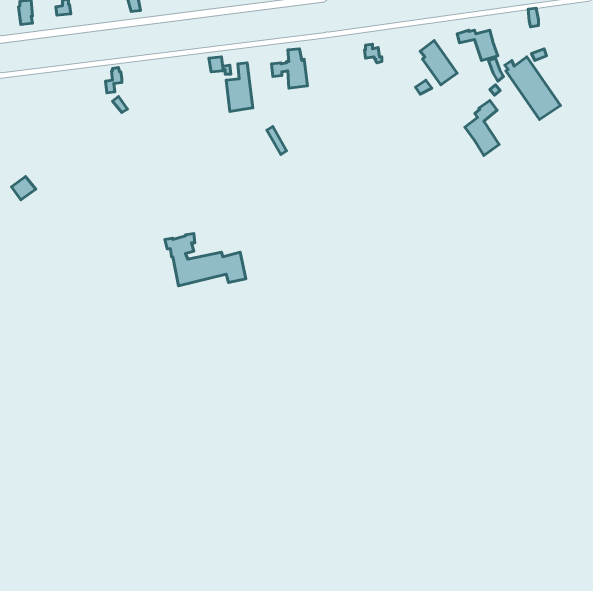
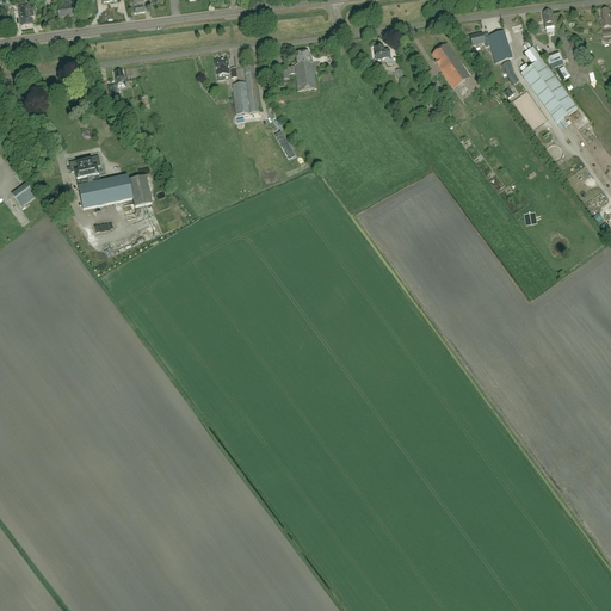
building: [465,101,499,155] -> none
building: [165,234,246,286] -> [69,155,153,209]

